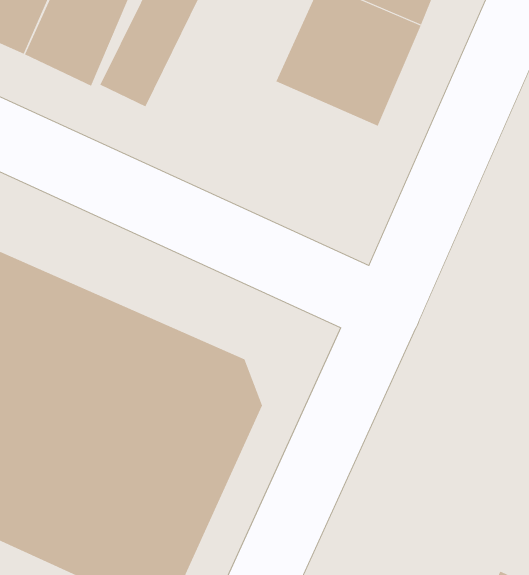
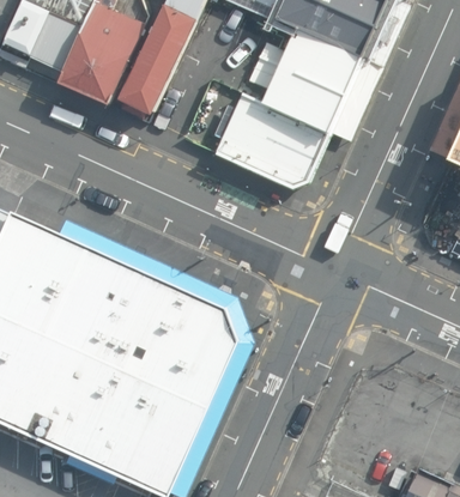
building: none -> [192,85,325,187]

